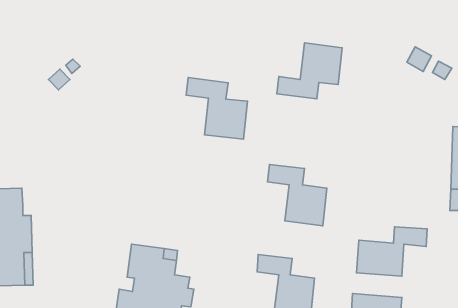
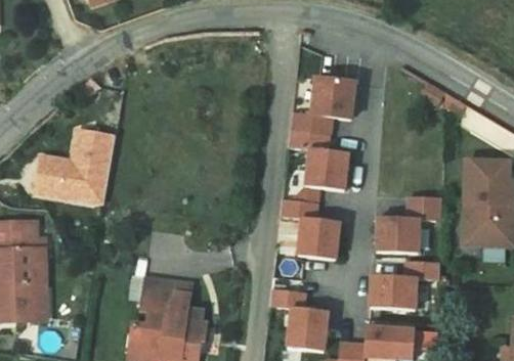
building: [186,78,248,139] -> [288,128,349,189]
building: none -> [36,130,114,201]
building: none -> [377,195,442,253]

